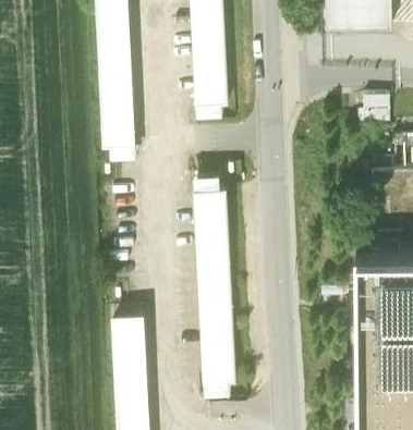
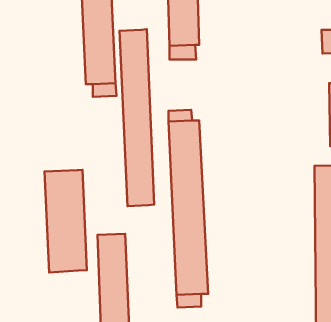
building: none -> [120,29,154,206]
building: none -> [45,170,87,273]

